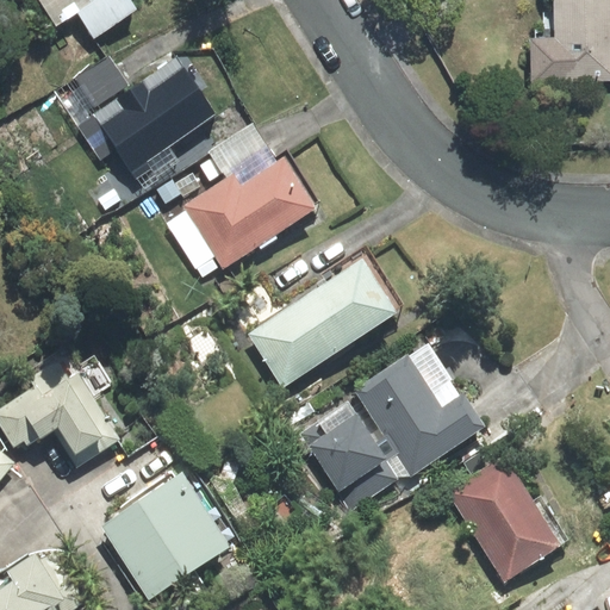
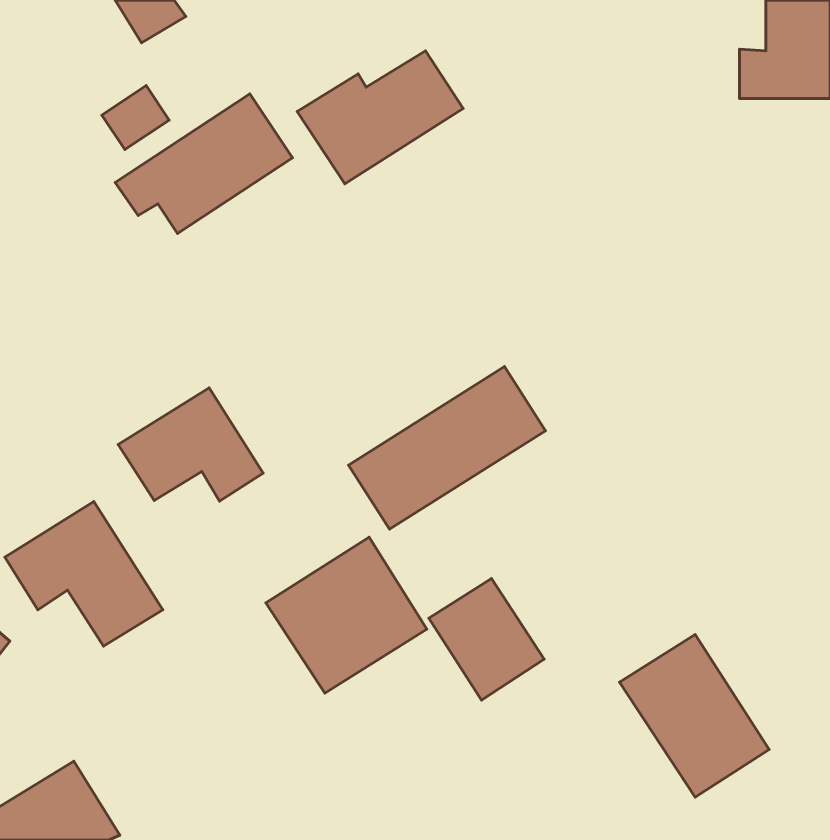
building: [188,163,309,260] -> [297,51,463,184]
building: none -> [118,388,263,501]
building: [356,361,483,474] -> none
building: [107,479,224,592] -> [266,537,427,693]

